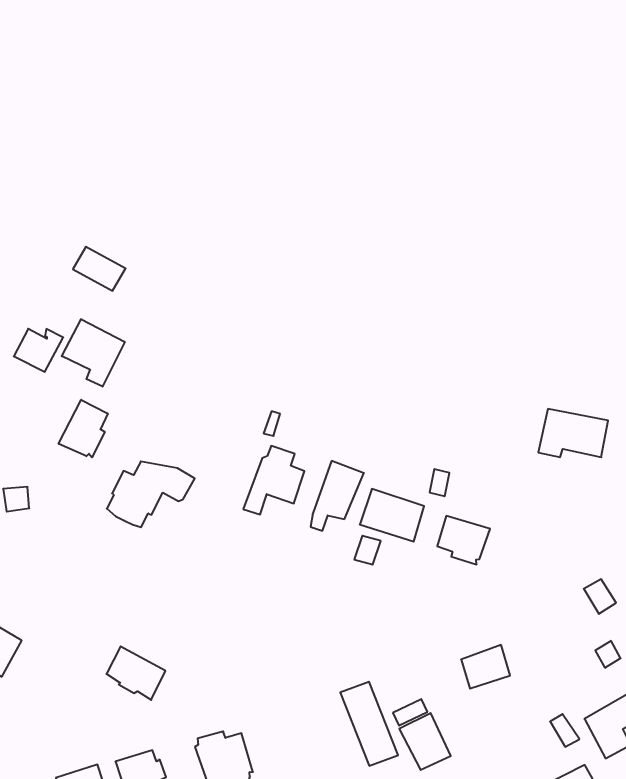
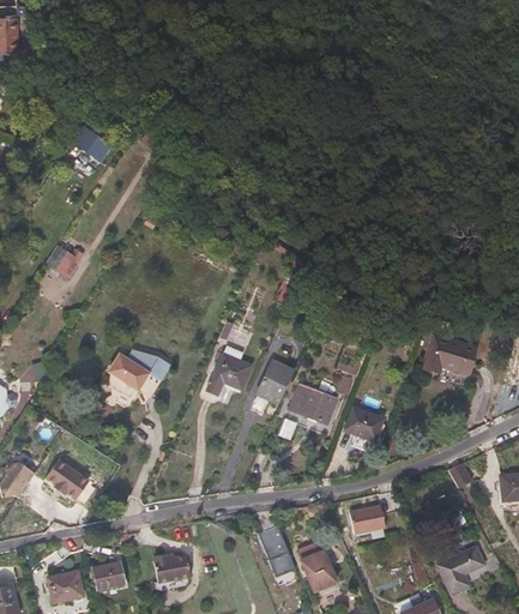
building: [73,247,126,291] -> [72,127,110,161]
building: [62,319,125,387] -> none
building: [59,400,108,457] -> none
building: [106,646,165,700] -> [44,458,87,499]

